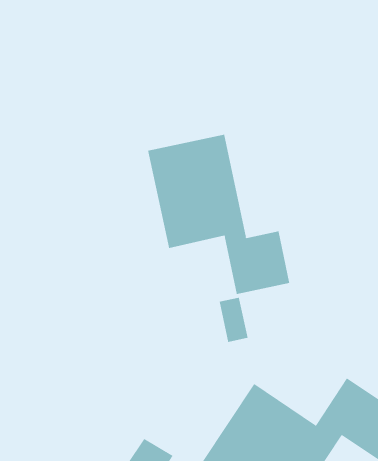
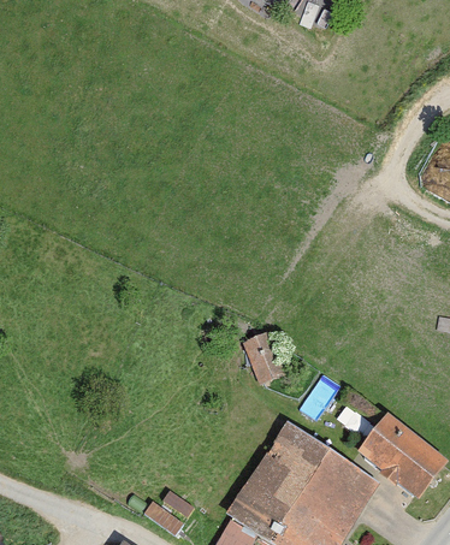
building: [148,134,290,295] -> none

